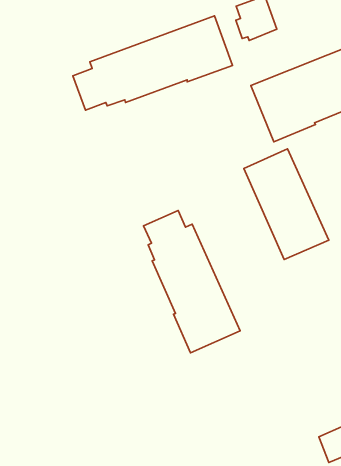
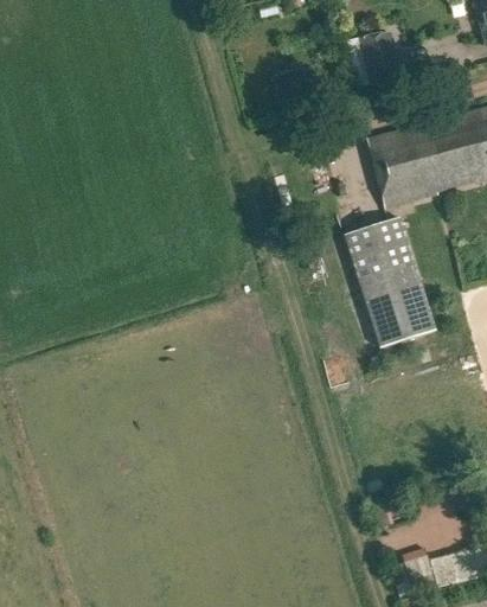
building: [73,16,232,110] -> none
building: [144,211,240,353] -> none

